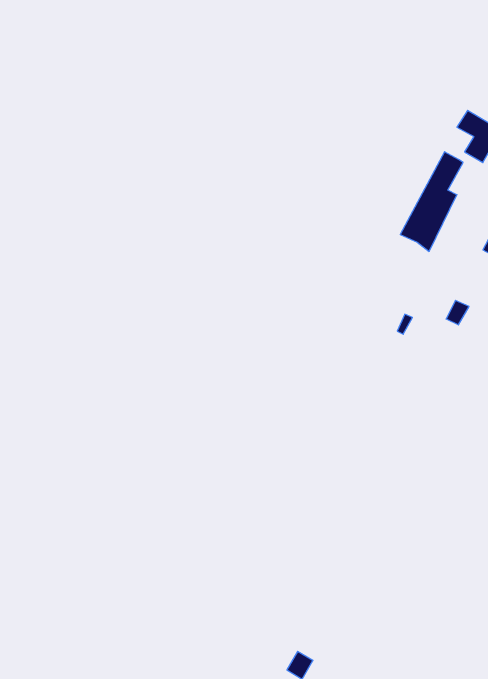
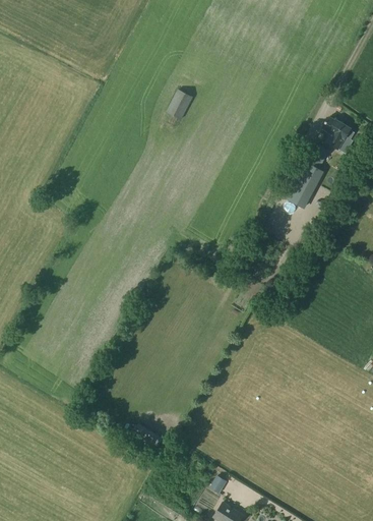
building: none -> [167,90,194,120]

